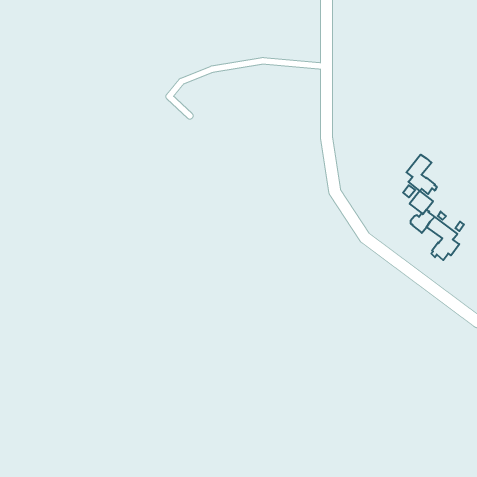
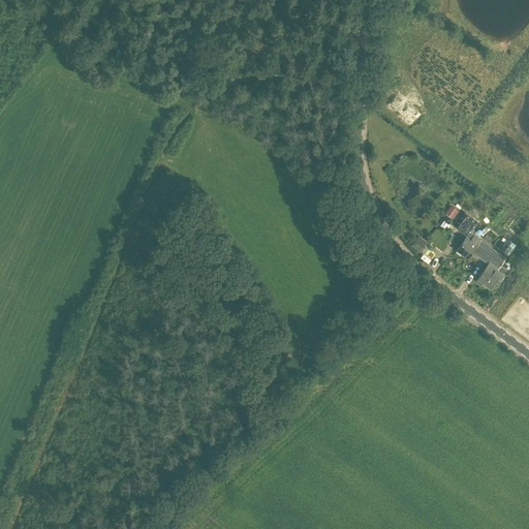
building: [406,155,437,194] -> none

